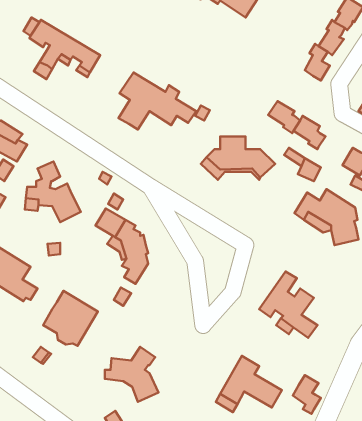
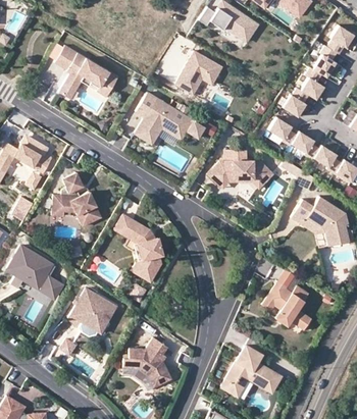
building: none -> [174,51,221,94]
building: none -> [283,89,308,117]
building: none -> [313,146,342,175]
building: [293,375,321,414] -> none

